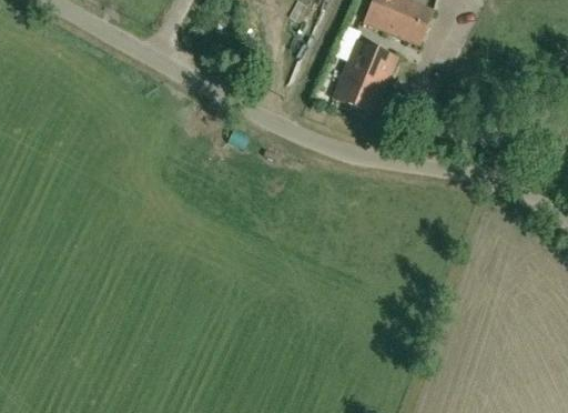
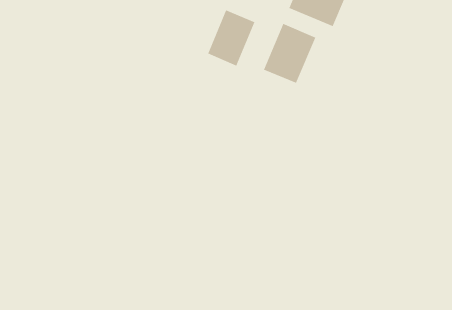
building: none -> [207,10,255,67]

